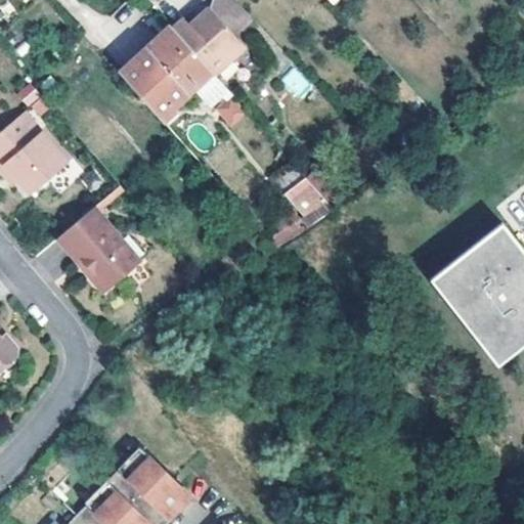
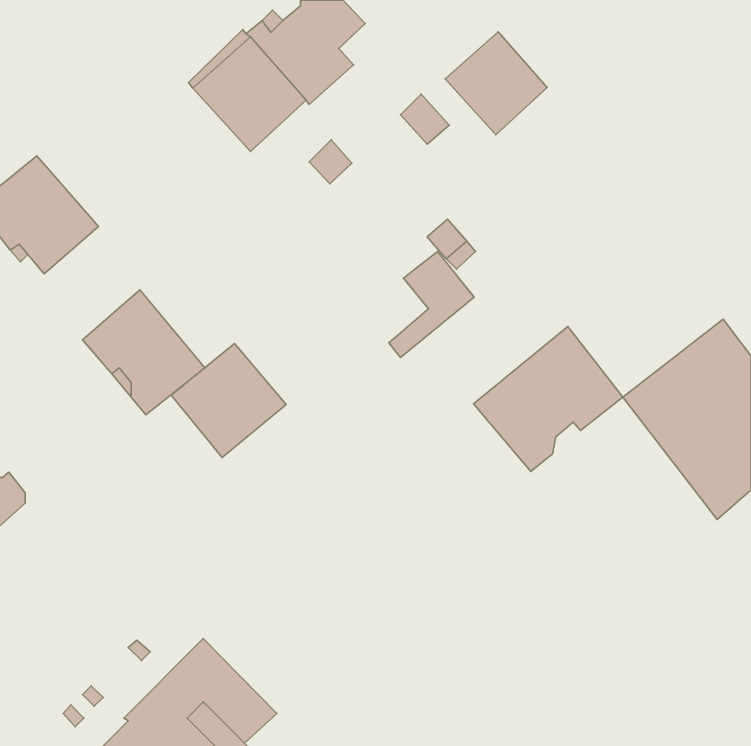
building: none -> [445,32,547,135]
building: none -> [473,327,623,471]
building: none -> [171,344,286,458]

